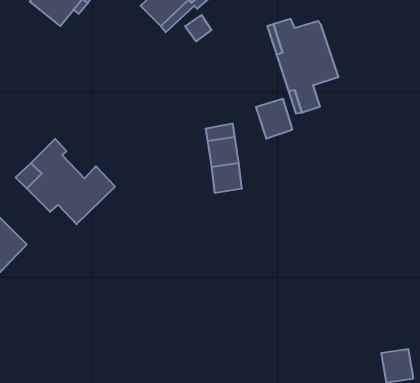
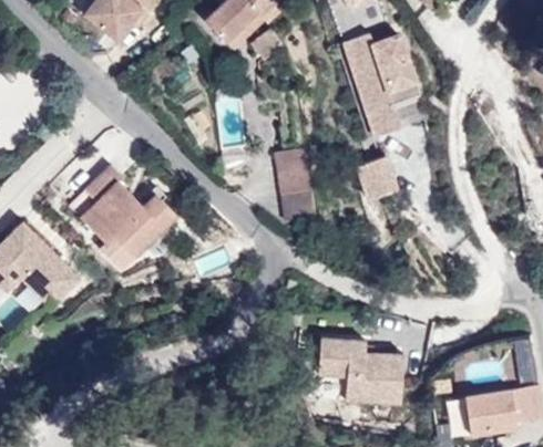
building: [256,99,292,139] -> [356,157,396,200]
building: none -> [318,343,402,405]

